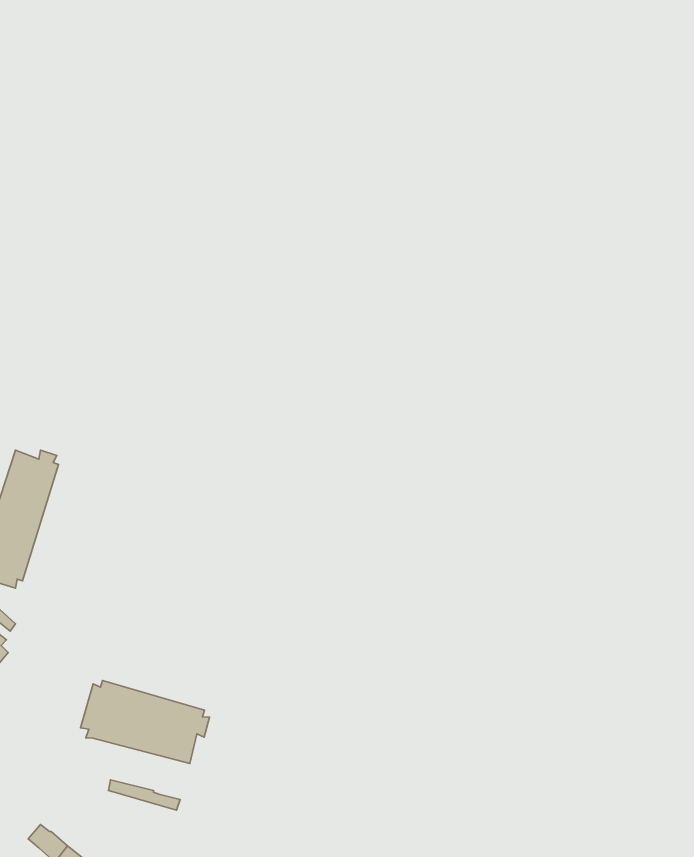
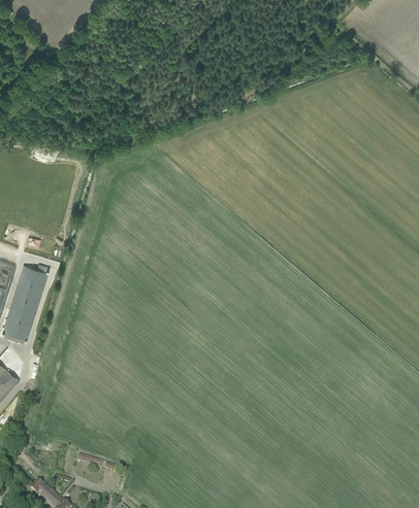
building: [80,681,210,764] -> none

